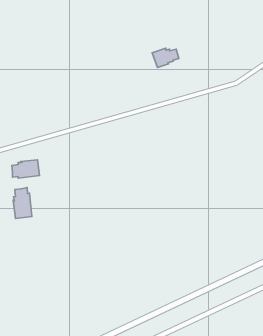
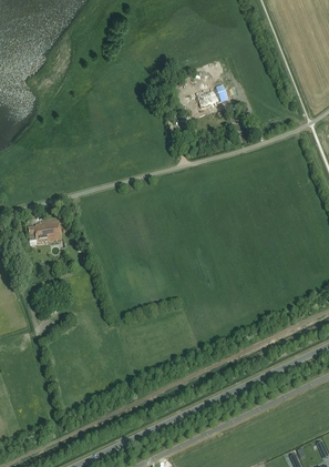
building: [13,187,32,218] -> none

